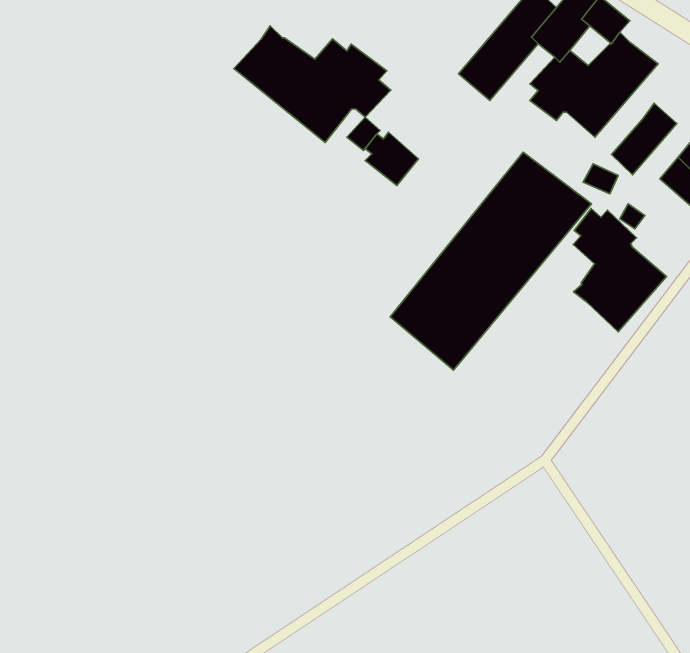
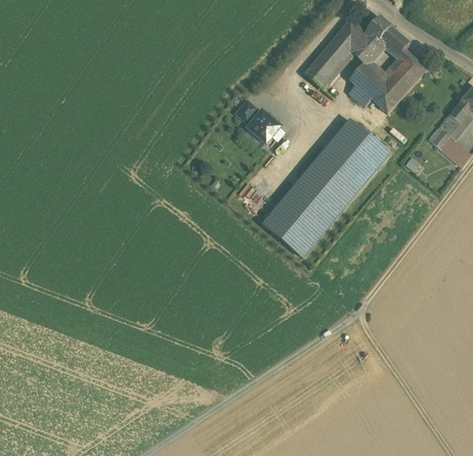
building: [234,26,391,143] -> none
building: [612,103,677,175] -> none
building: [573,209,667,332] -> none

